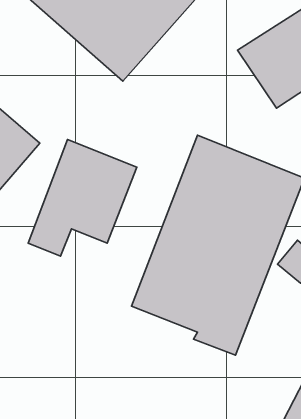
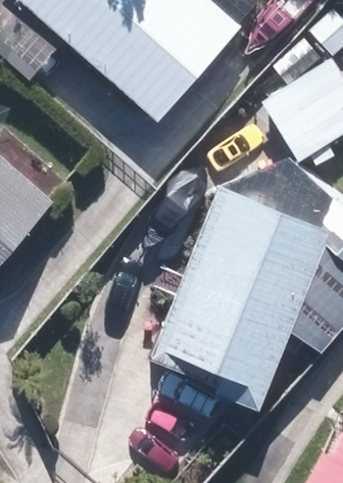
building: [28,139,137,256] -> none

